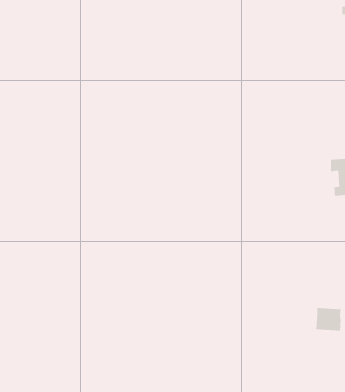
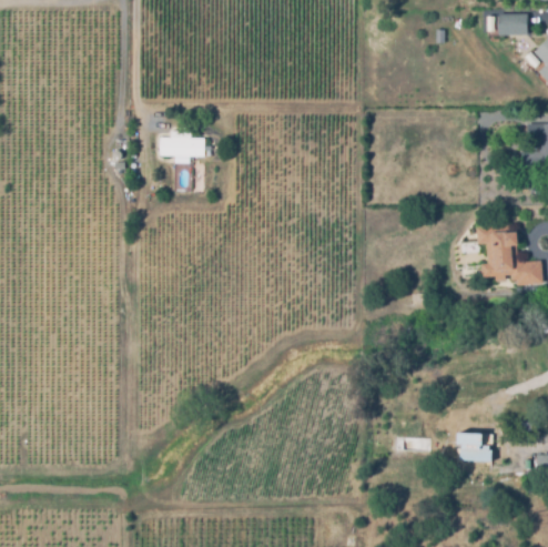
building: none -> [160,130,205,163]

